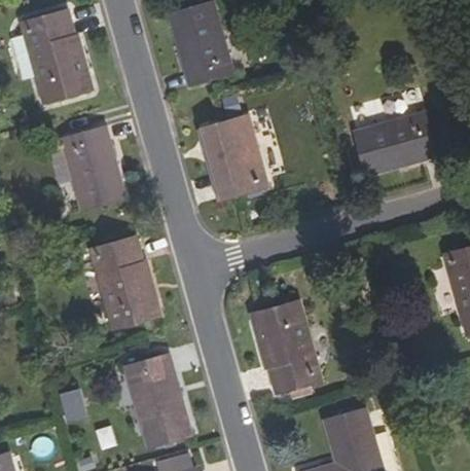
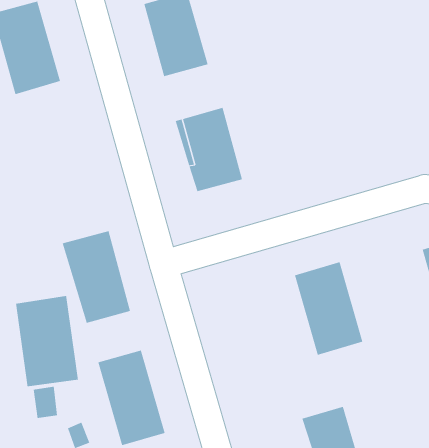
building: [353,113,438,175] -> none
building: [59,126,123,210] -> none
building: none -> [15,295,79,387]
building: [254,300,322,393] -> [294,262,363,356]

